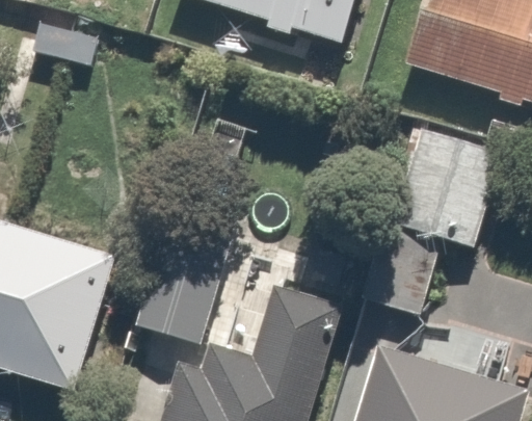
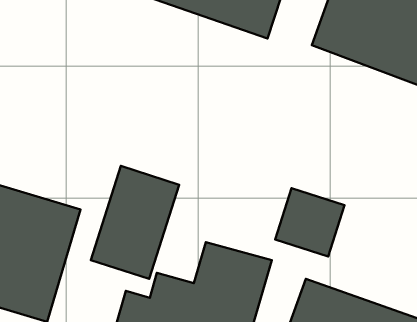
building: [391,125,500,251] -> none

